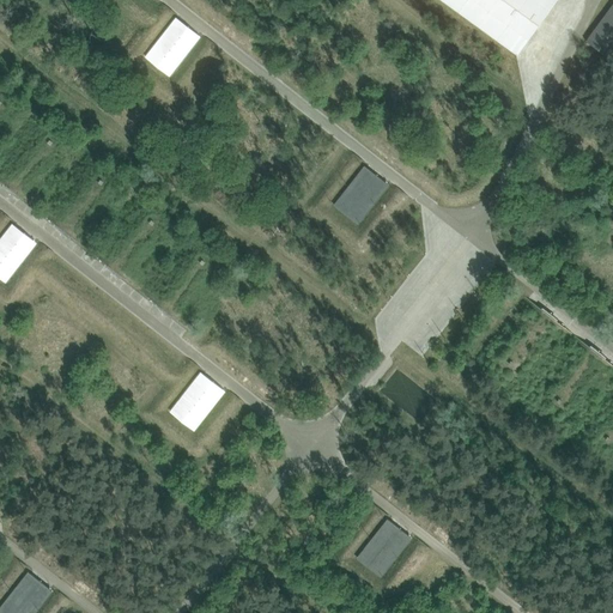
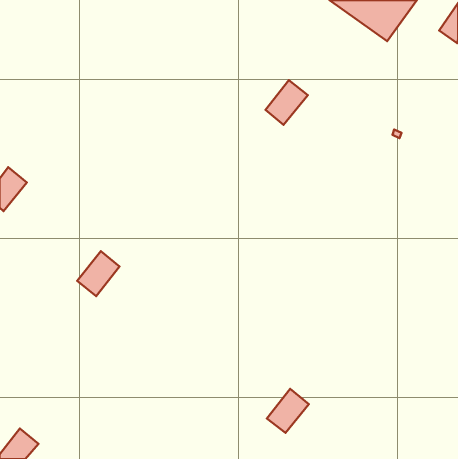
building: [144,17,200,77] -> none
building: [333,165,389,225] -> [266,80,308,125]
building: [169,371,225,431] -> [77,251,120,296]

